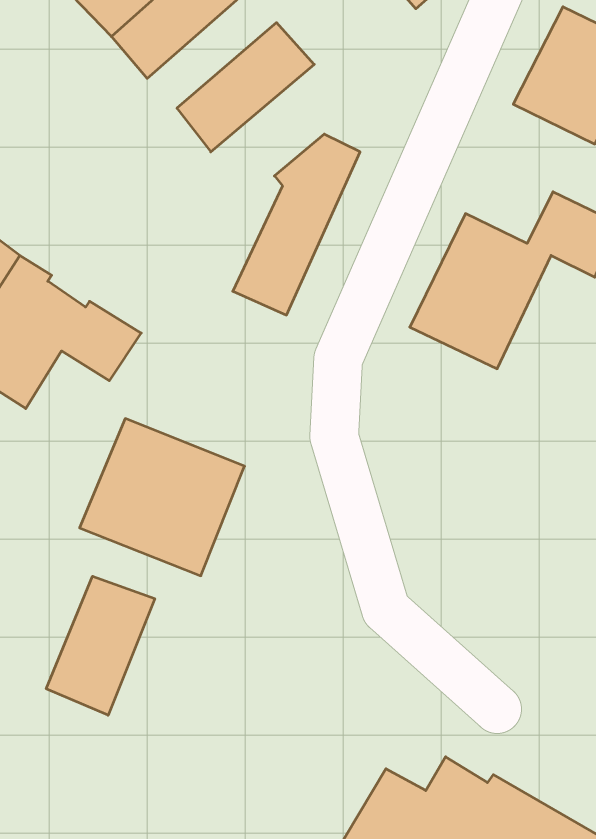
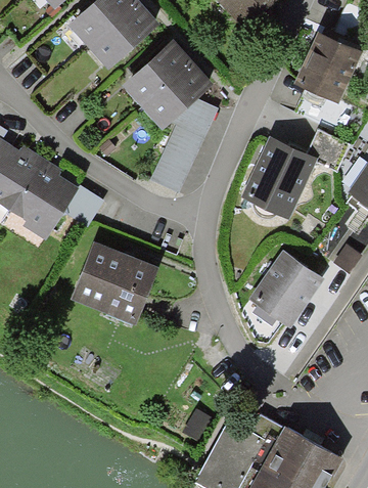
building: none -> [140,61,213,130]
building: none -> [250,254,321,327]
building: [46,576,155,715] -> none

